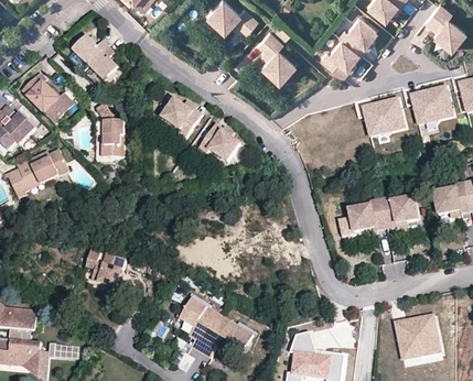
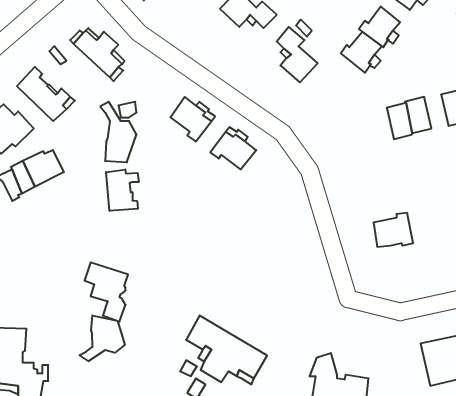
building: none -> [106,169,139,211]
building: [379,200,417,230] -> none
building: none -> [80,315,125,361]

